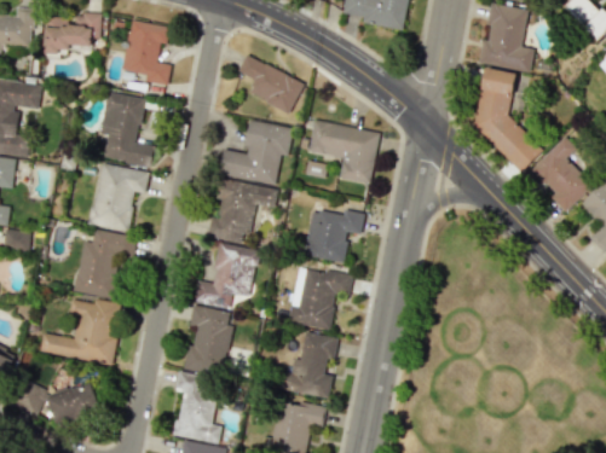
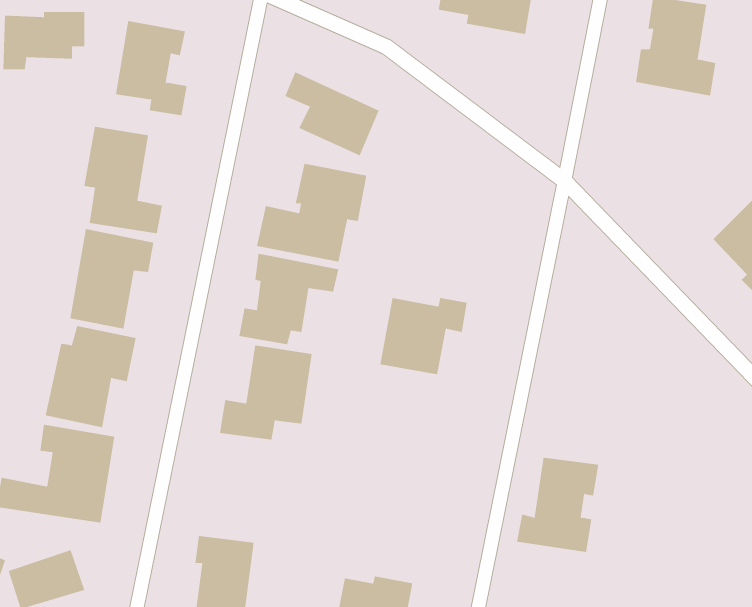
building: [473,66,543,172] -> none
building: [307,120,377,182] -> none
building: [288,266,352,329] -> none
building: [183,306,230,374] -> none
building: [279,332,336,397] -> [516,457,599,553]

